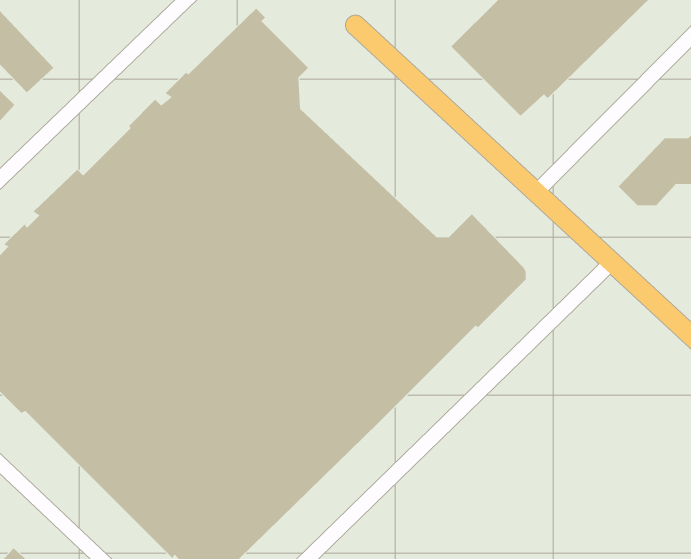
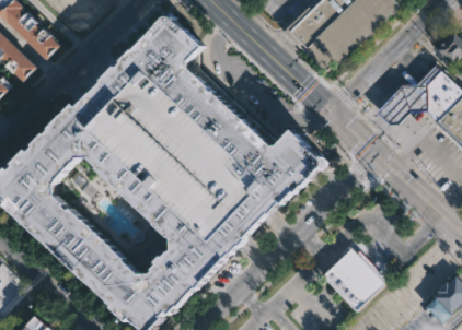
building: none -> [322,248,385,311]

